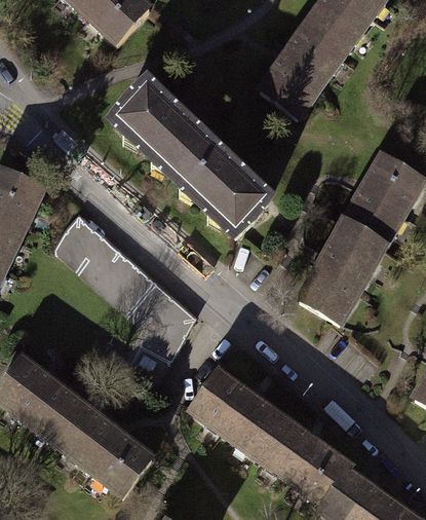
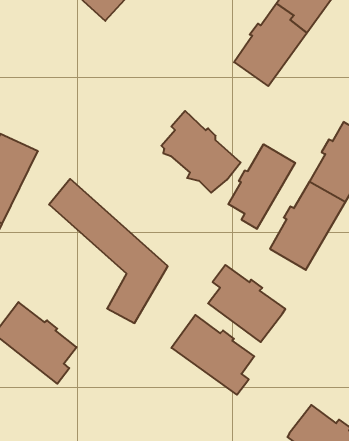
building: [116,85,207,181] -> none
building: none -> [228,144,295,229]
building: [65,406,152,492] -> none
building: [265,416,351,503] -> [208,265,285,342]

